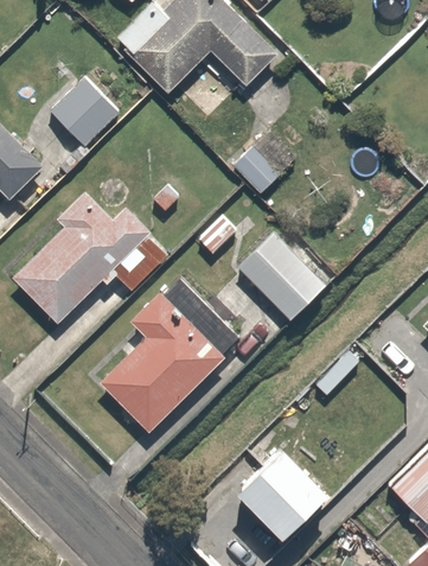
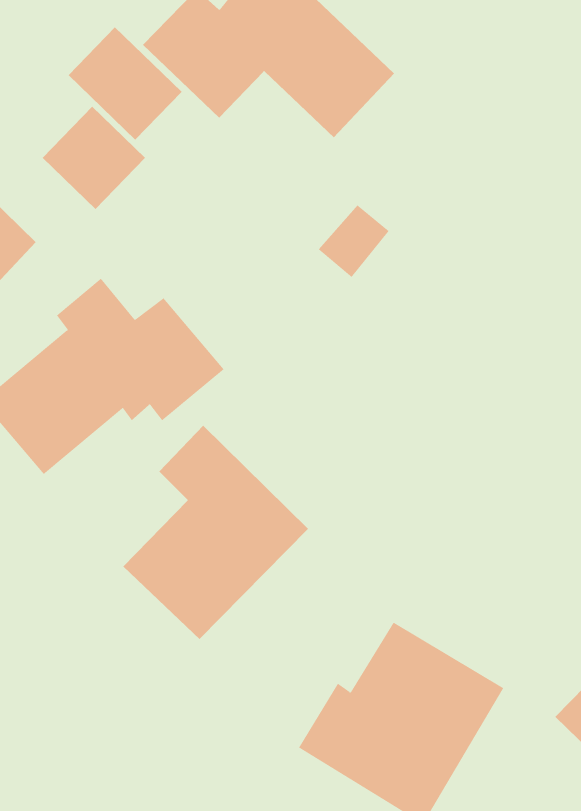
building: none -> [68,26,182,140]
building: [236,229,331,323] -> none

